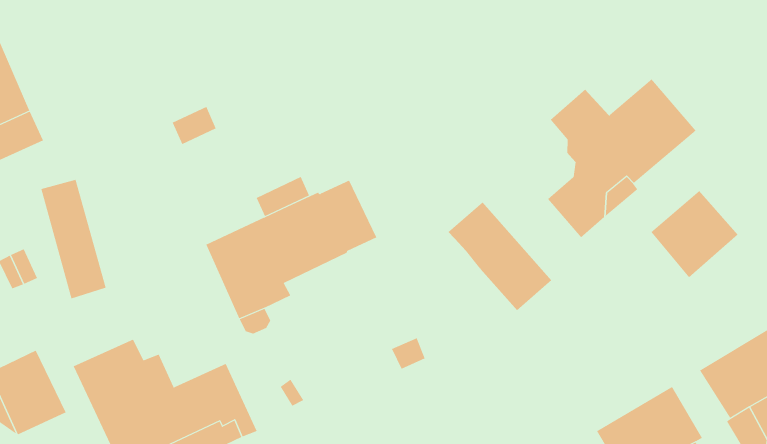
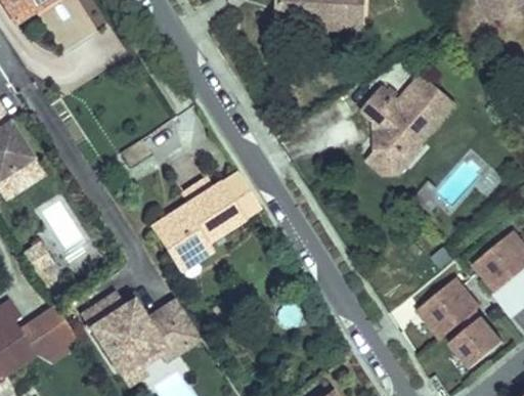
building: [651,190,739,278] -> none
building: [448,201,552,311] -> none

